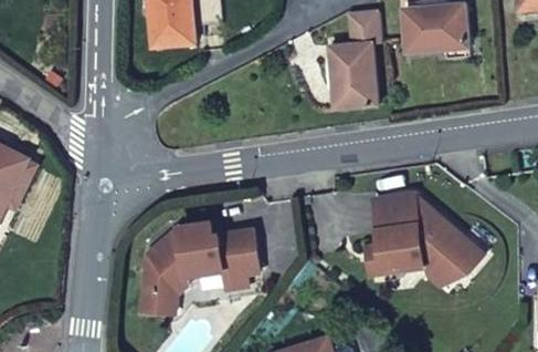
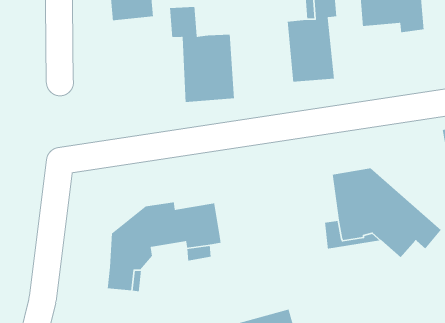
building: none -> [169,6,235,103]

